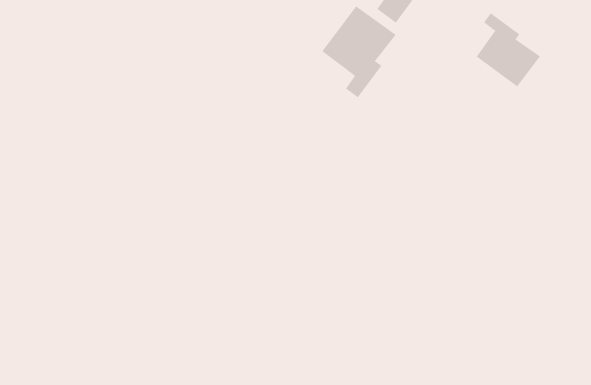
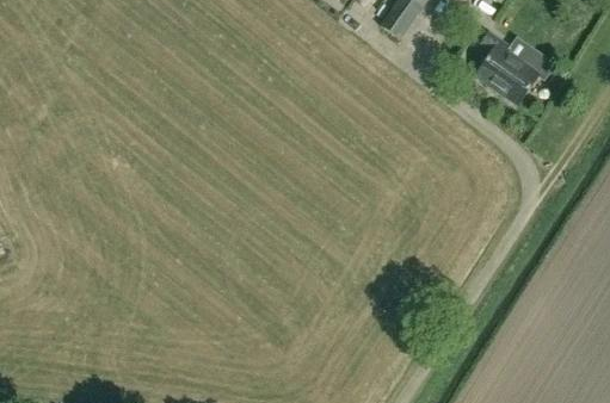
building: [322,5,396,98] -> none

